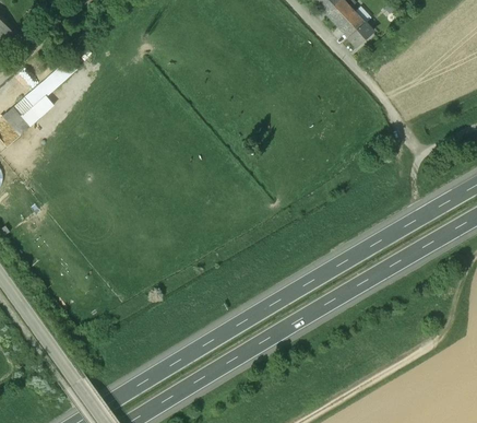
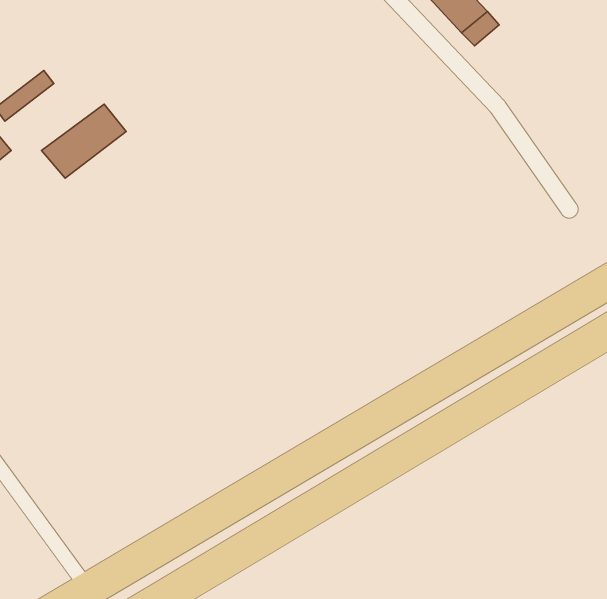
building: none -> [42,104,126,178]

